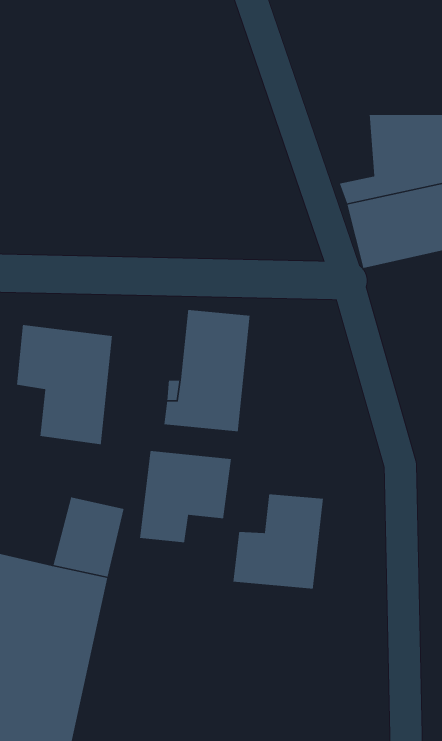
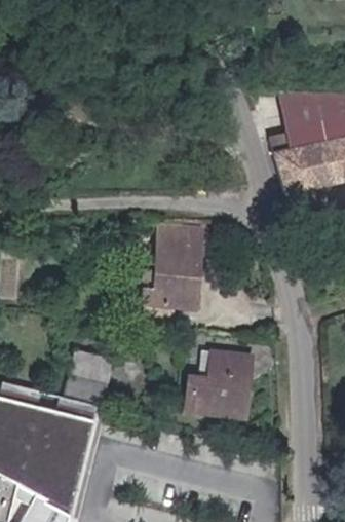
building: [16,324,113,445] -> none
building: [139,450,232,543] -> none

